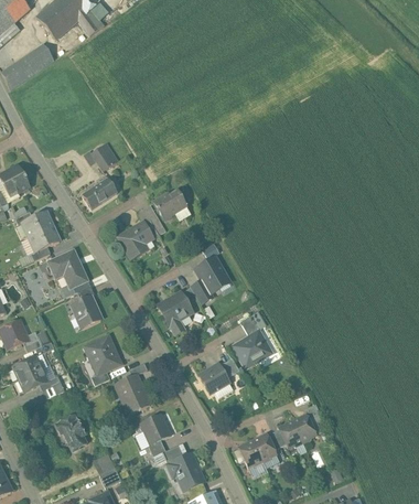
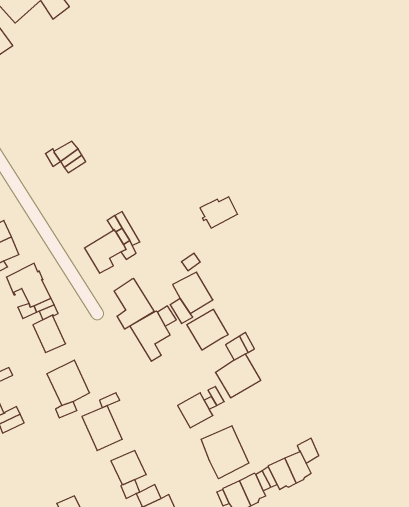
building: [82,178,117,208] -> none
building: [153,191,186,218] -> [200,197,238,228]
building: none -> [114,278,154,329]
building: none -> [187,309,228,350]
building: none -> [201,426,249,479]
building: [54,414,86,449] -> none

